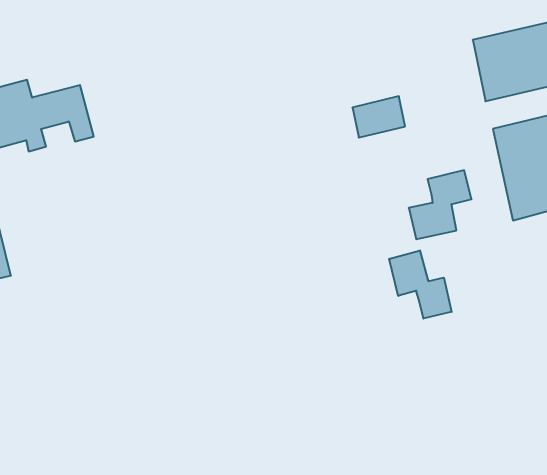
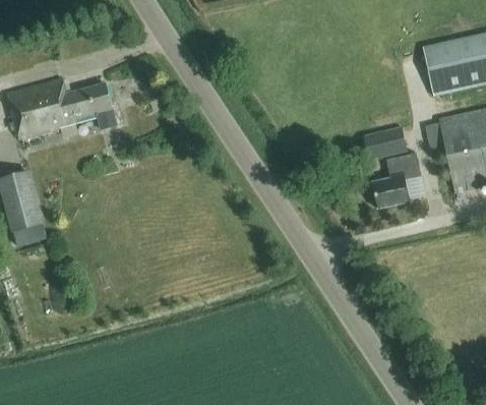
building: [352,96,405,138] -> [364,126,407,160]
building: [389,250,452,319] -> none

